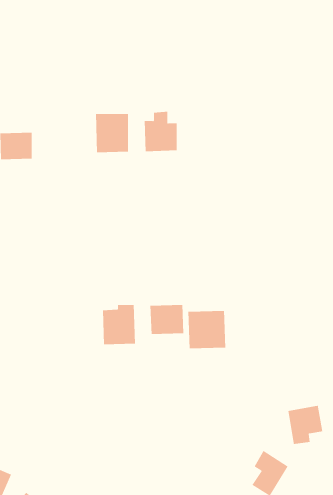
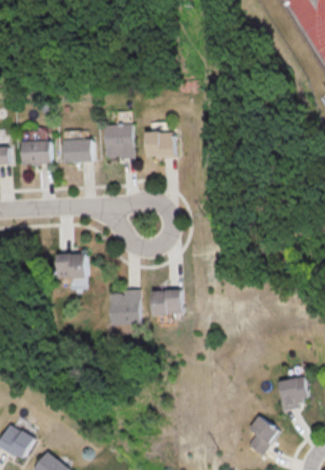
building: none -> [63,139,93,163]
building: none -> [58,254,88,290]
building: [188,310,226,349] -> none

